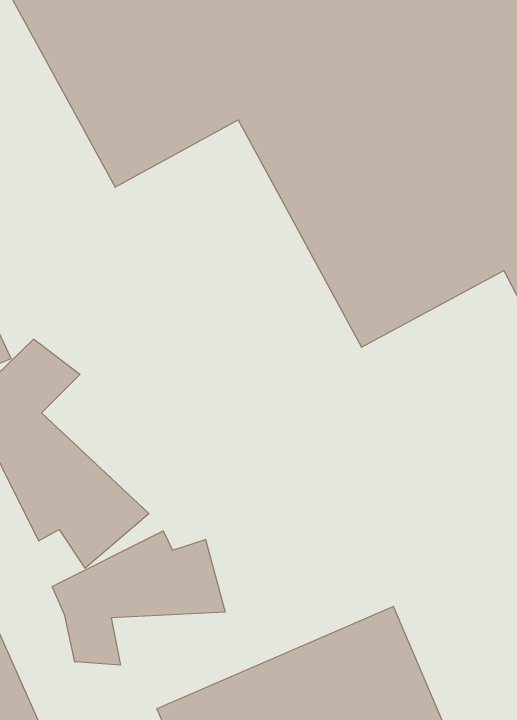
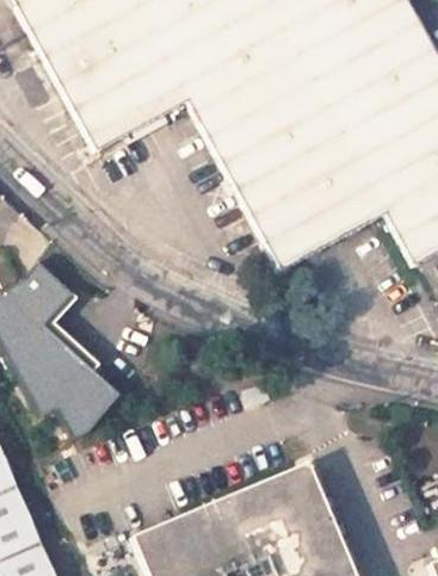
building: [52,531,225,665] -> none

